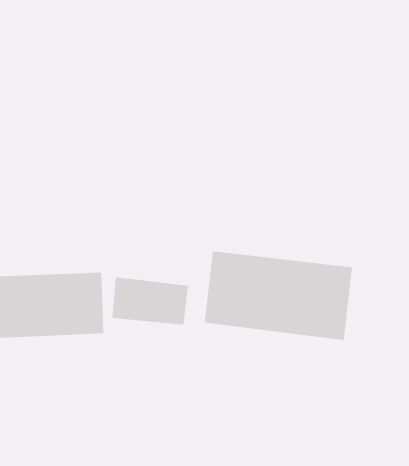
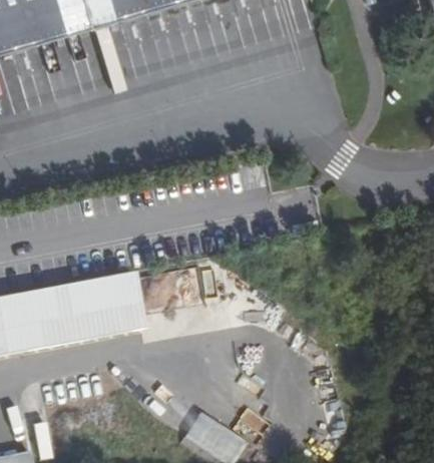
building: [204,250,353,341] -> none

